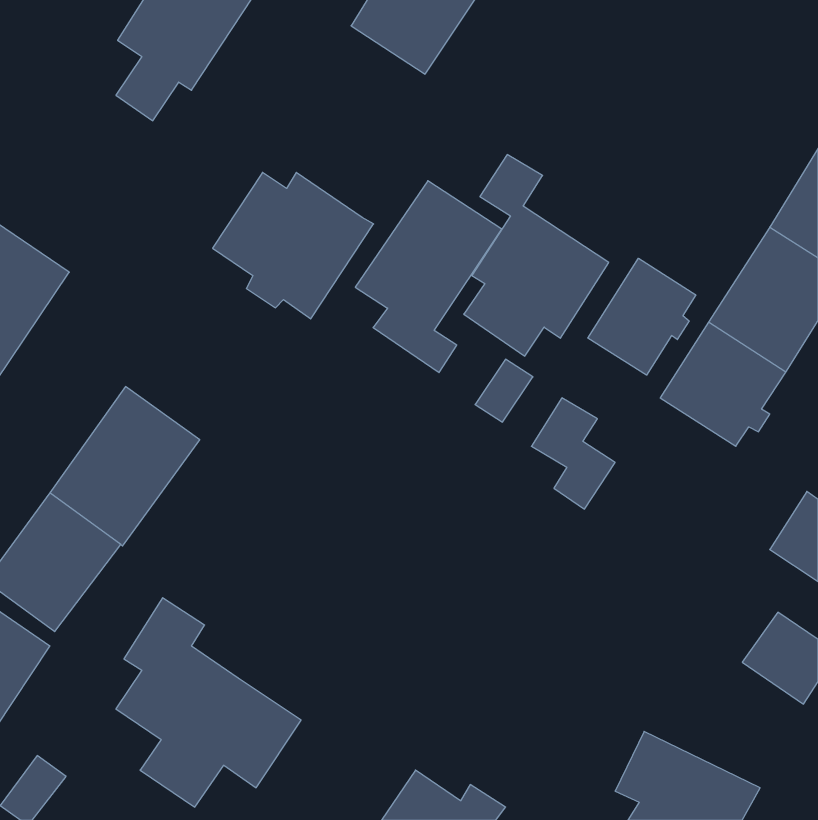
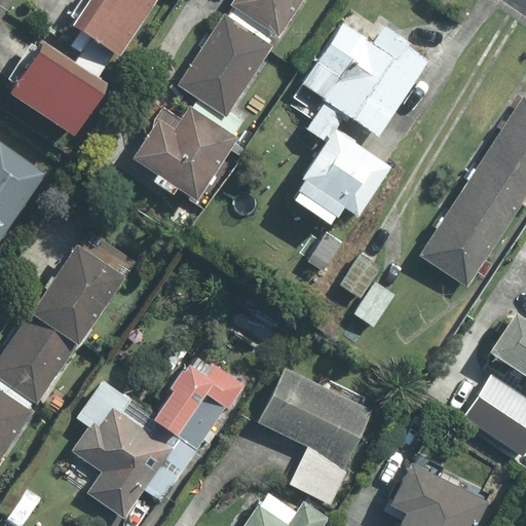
building: none -> [300,22,426,134]
building: none -> [8,42,111,138]
building: [355,181,502,373] -> [178,16,271,139]
building: [588,258,696,375] -> none
building: none -> [152,359,241,459]
building: none -> [259,371,367,505]

